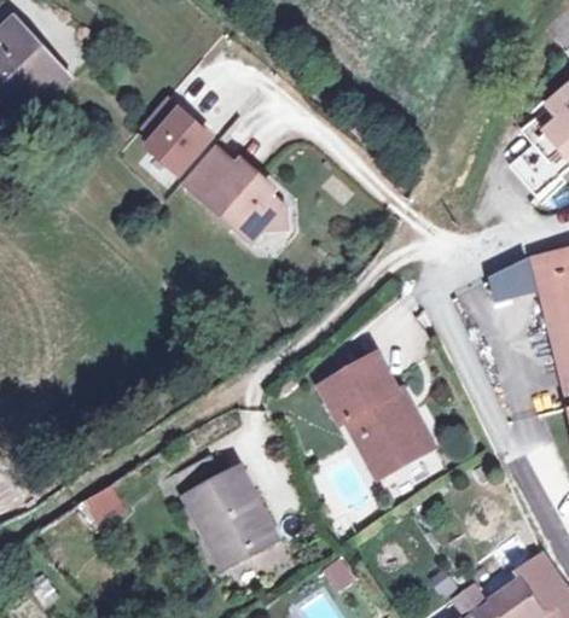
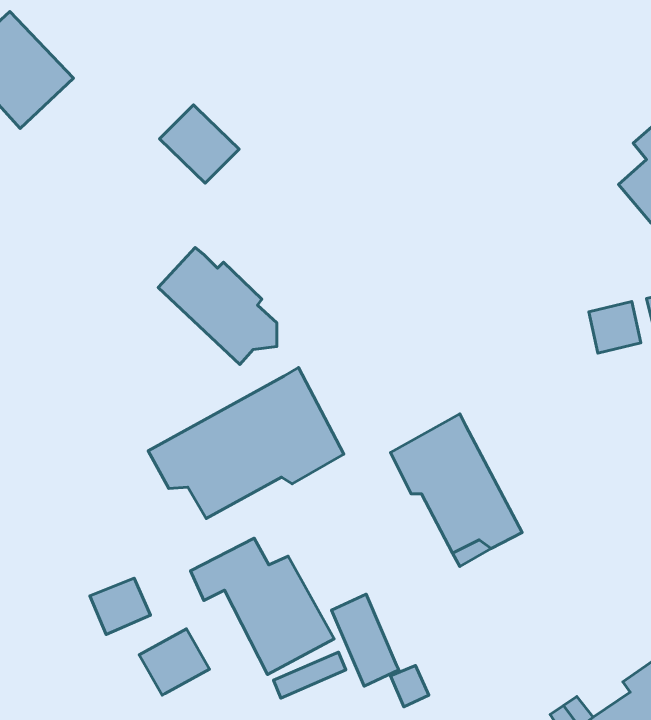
building: [187,146,284,241] -> [158,248,277,364]
building: none -> [148,368,344,519]
building: none -> [331,594,399,686]
building: none -> [139,629,210,695]

